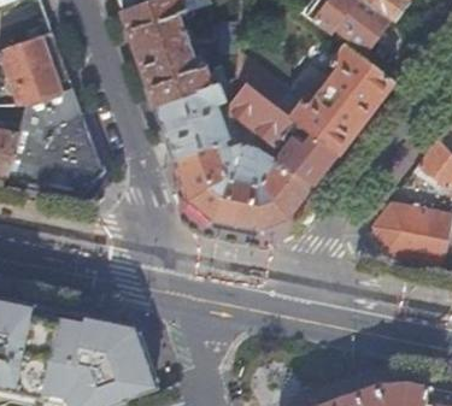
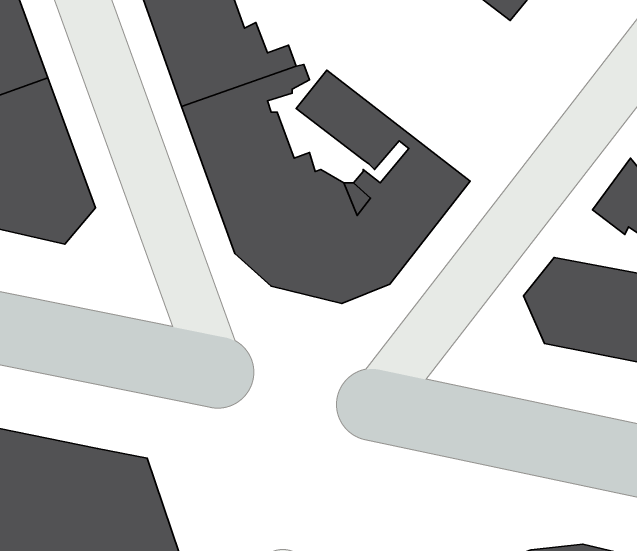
building: [239,45,392,153] -> none

